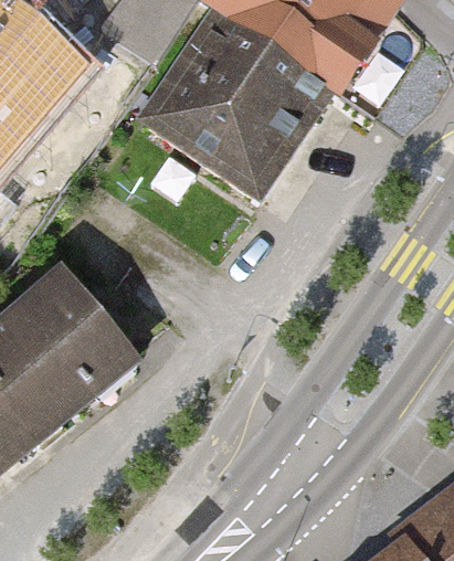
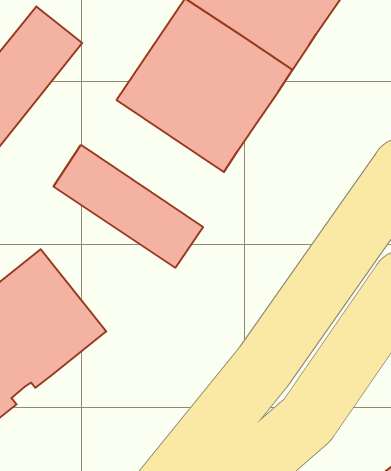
building: none -> [54,145,203,268]

